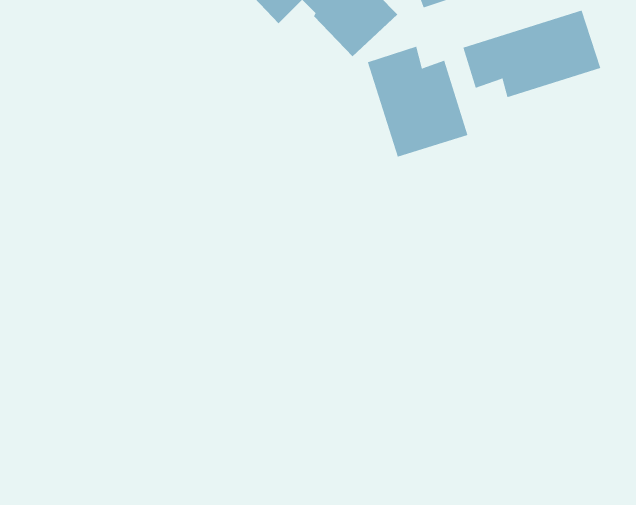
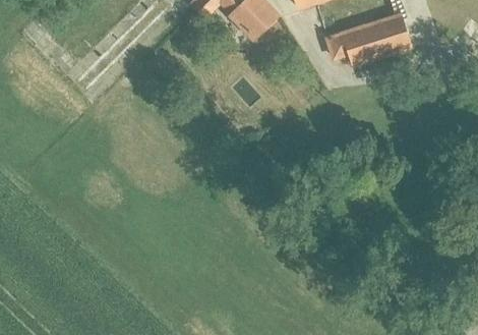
building: [367,46,468,158] -> none

